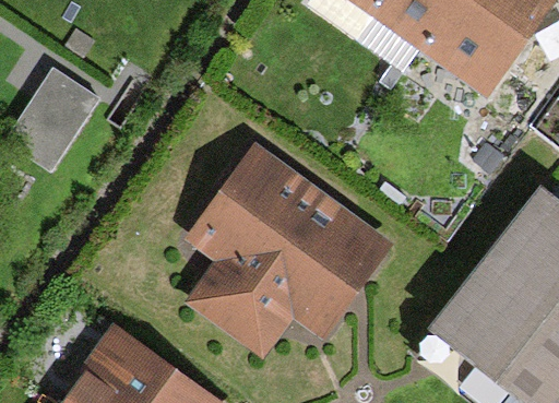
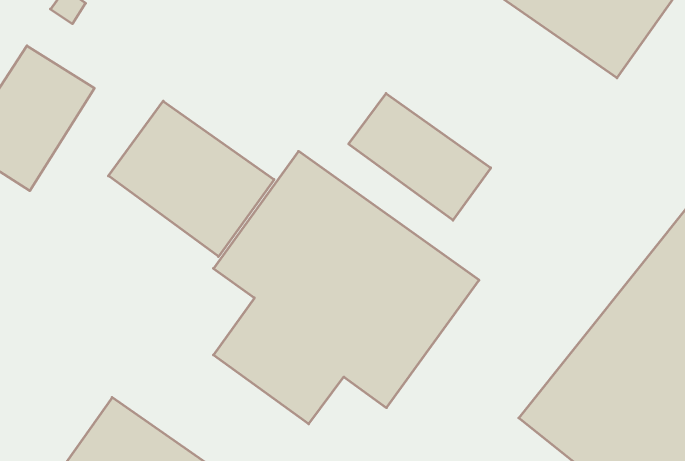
building: none -> [349,93,491,220]
building: none -> [108,101,274,257]

